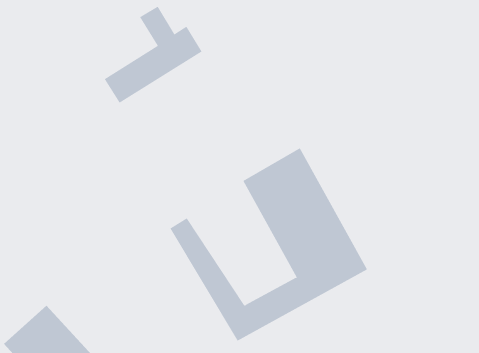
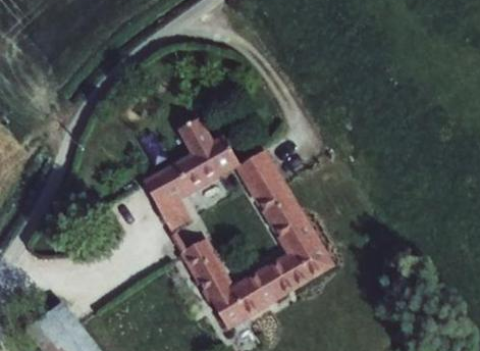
building: [104,6,202,103] -> [145,119,235,209]

